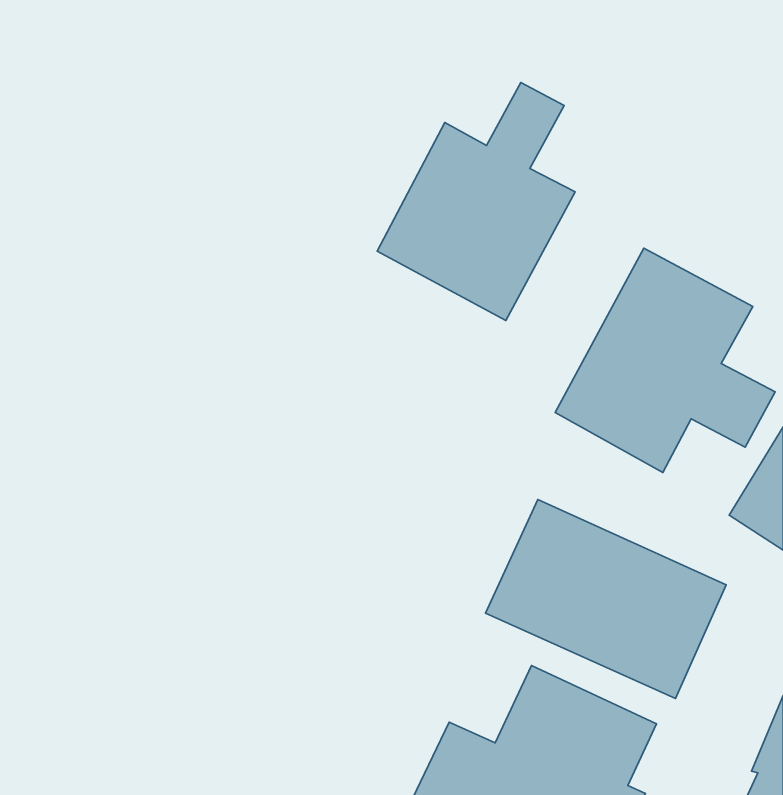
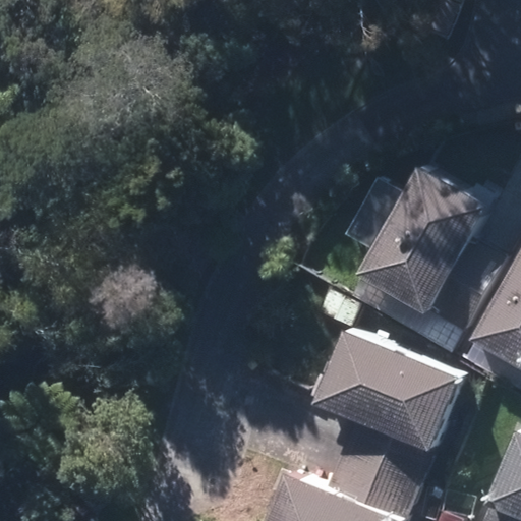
building: [377,83,575,320] -> none

